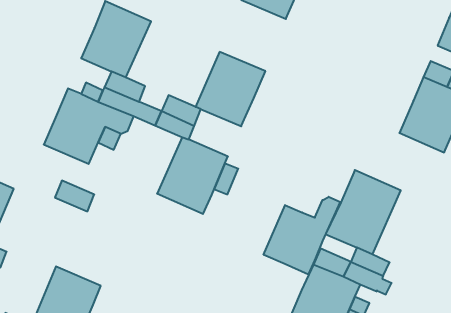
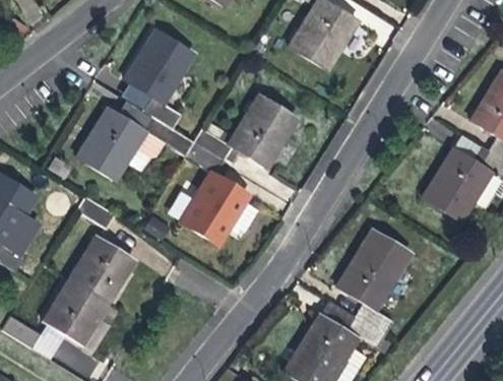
building: [264,197,340,274] -> none
building: none -> [68,235,136,303]

